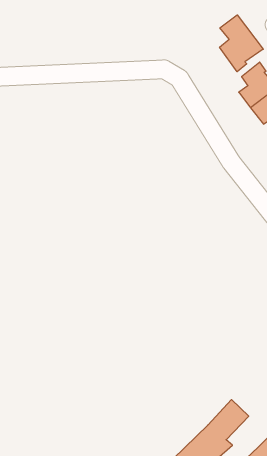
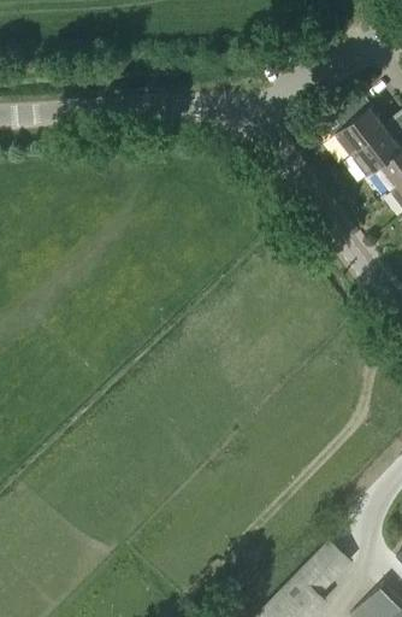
building: [220,15,263,72] -> none

